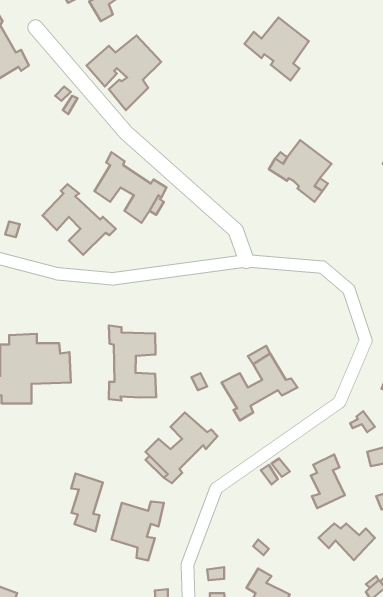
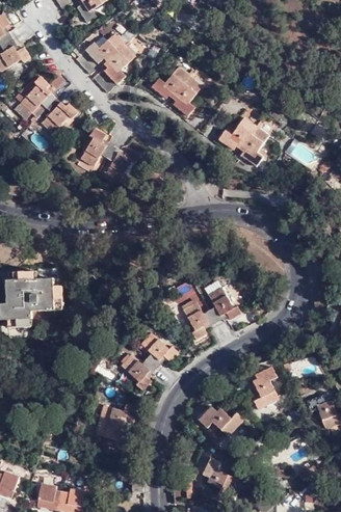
building: [245,18,309,80] -> [152,65,203,115]
building: [43,184,116,255] -> [20,76,78,132]
building: [109,326,156,401] -> none
building: [71,474,103,532] -> none
building: [319,523,375,560] -> [199,406,243,435]

